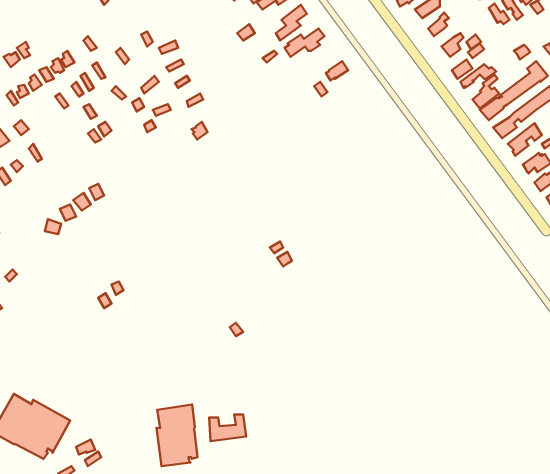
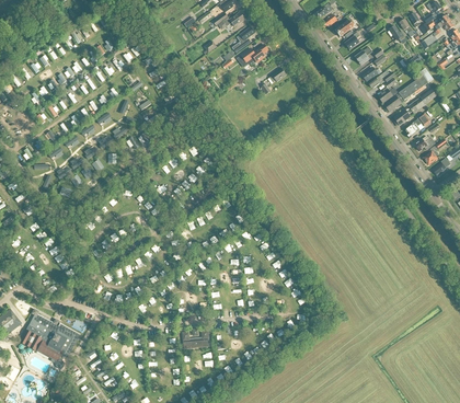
building: [156,404,197,466] -> none

